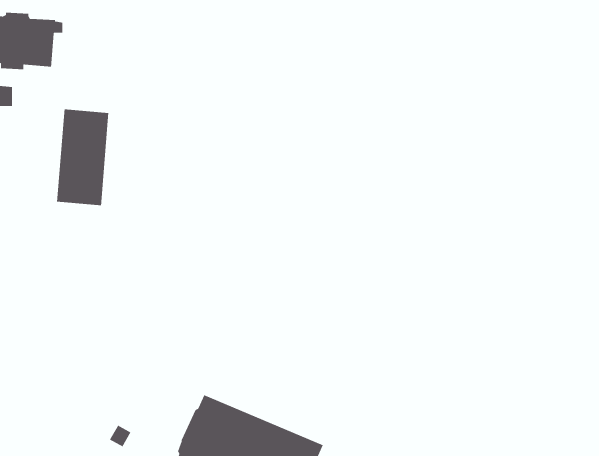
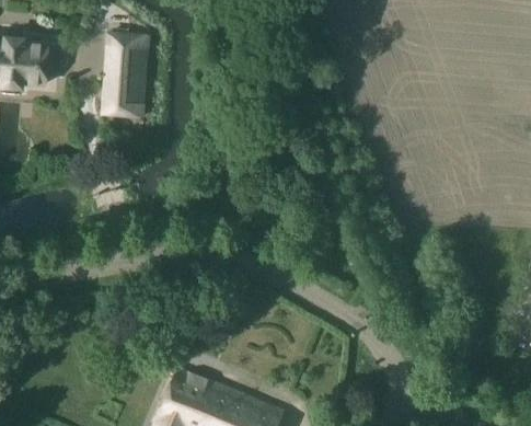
building: [56,109,109,206] -> [103,33,149,117]

